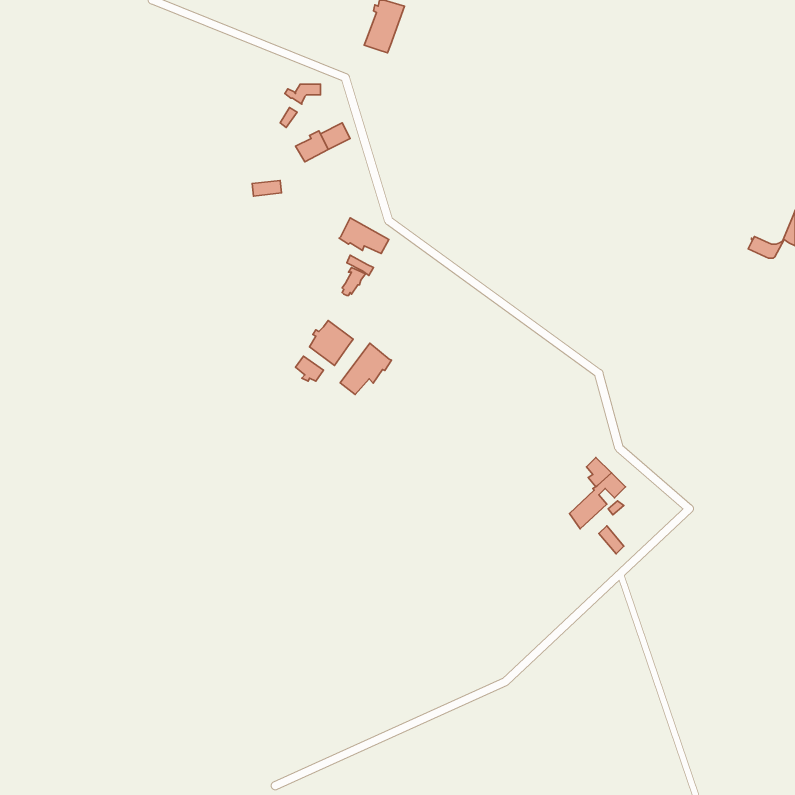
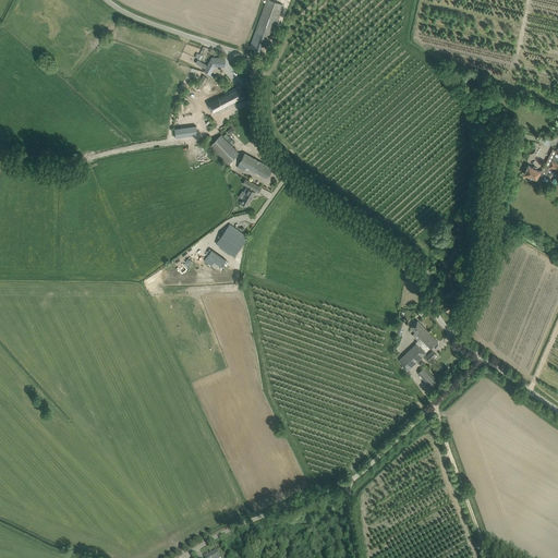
building: none -> [209,135,240,165]
building: [340,343,391,394] -> none

